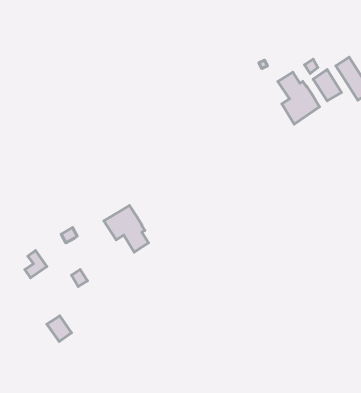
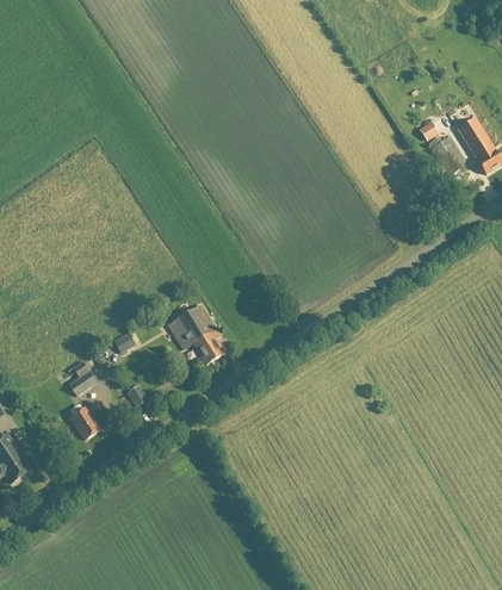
building: [278,72,320,124] -> none
building: [47,316,71,341] -> [69,406,100,439]

